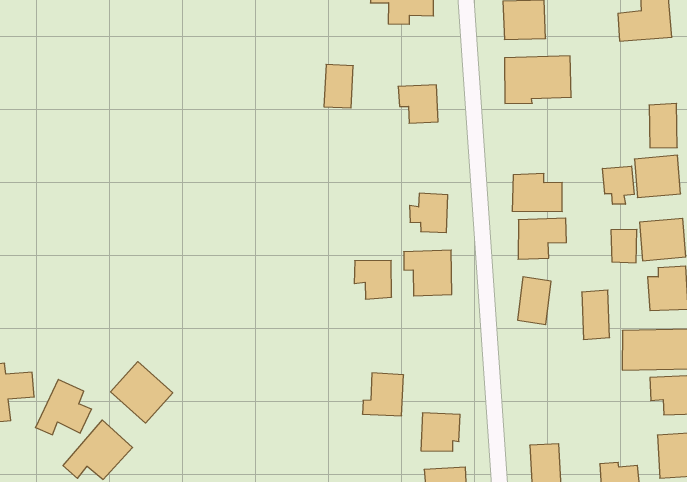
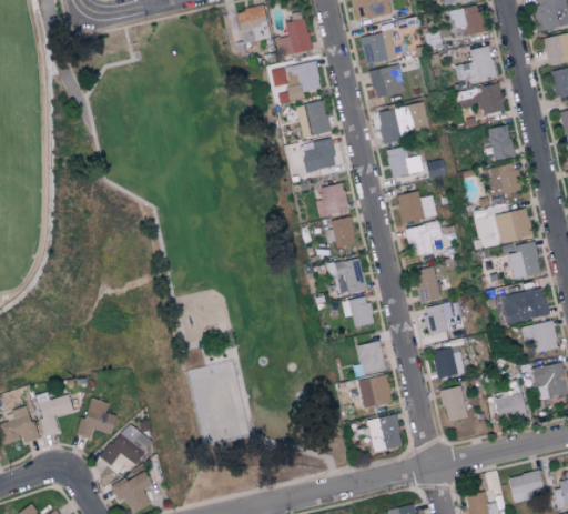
building: none -> [459,82,505,117]
building: [324,64,353,108] -> [305,101,328,134]
building: none -> [387,147,424,177]
building: none -> [315,183,348,218]
building: [603,166,634,204] -> none
building: [354,261,392,299] -> [342,296,373,327]
building: [582,290,610,339] -> [424,304,449,343]
building: [111,362,173,423] -> none
building: [362,373,404,416] -> [354,342,384,375]
building: none -> [433,349,464,379]

